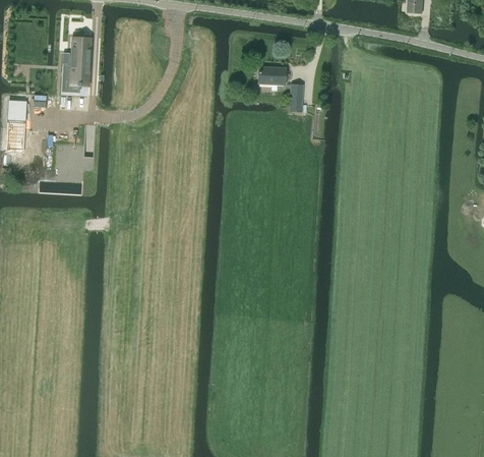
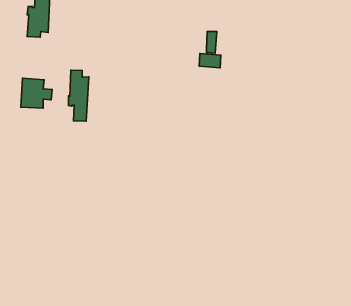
building: [258,66,286,84] -> [199,53,221,68]
building: none -> [68,70,89,121]

